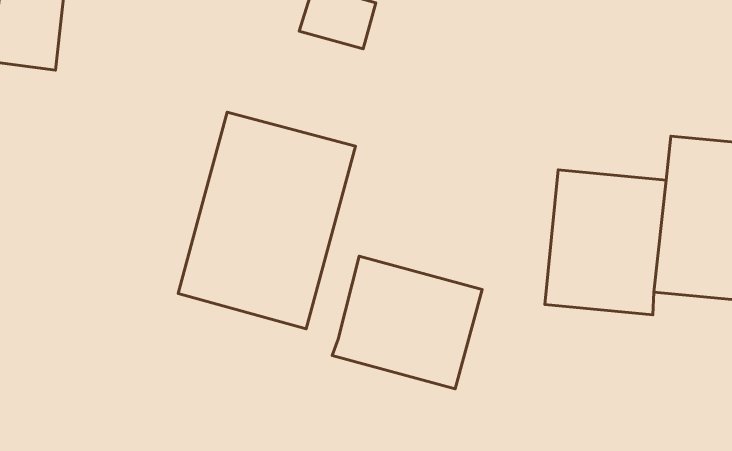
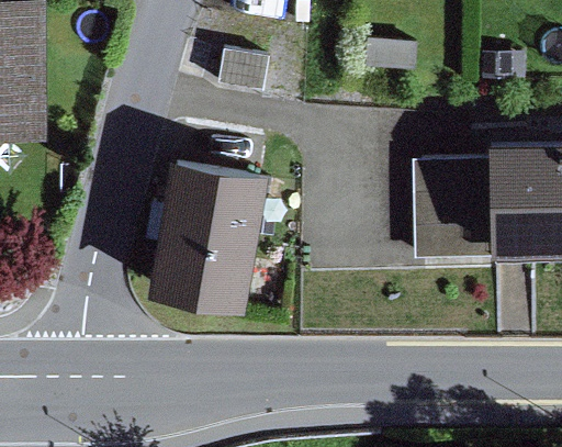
building: [332,256,482,389] -> none

